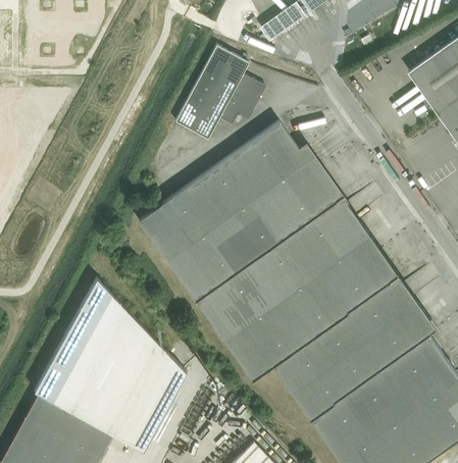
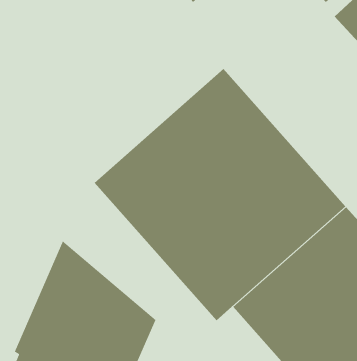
building: [174,45,264,138] -> none

